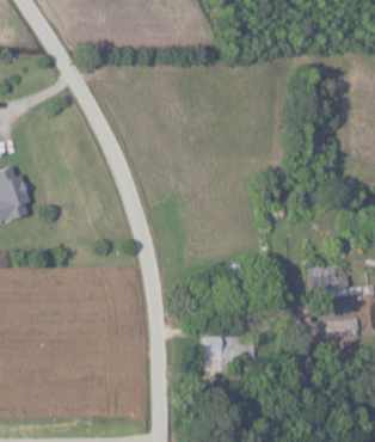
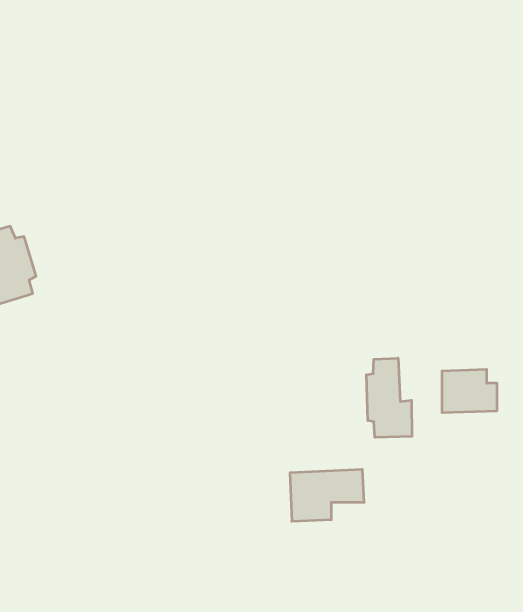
building: none -> [366,358,412,437]

